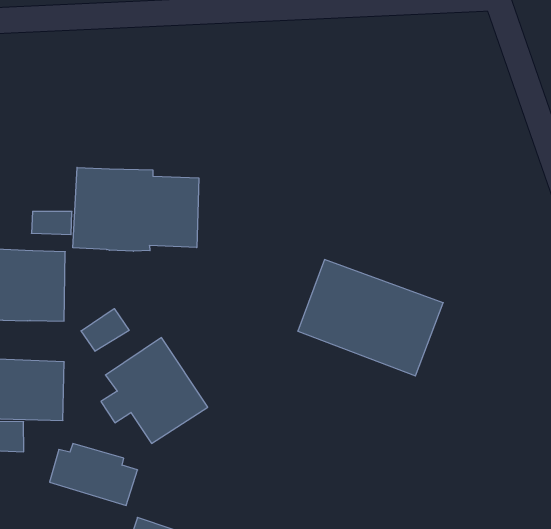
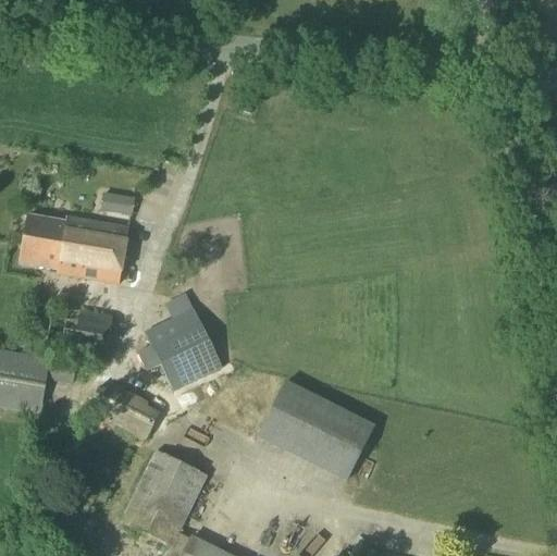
building: [73,167,199,251] -> none
building: [298,260,443,376] -> [260,374,380,478]
building: [81,309,129,351] -> none

